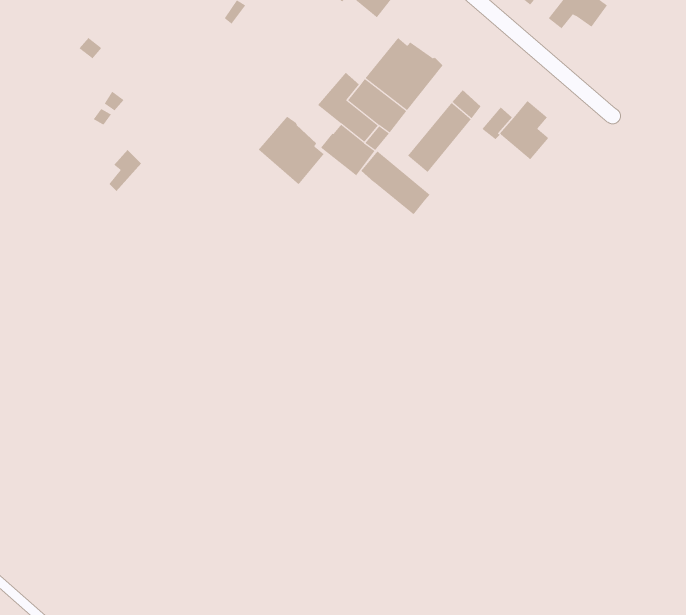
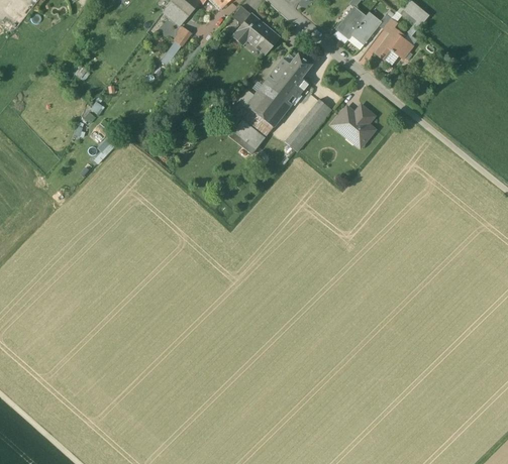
building: none -> [279,52,312,78]
building: [258,116,325,185] -> none
building: [360,150,431,215] -> none

